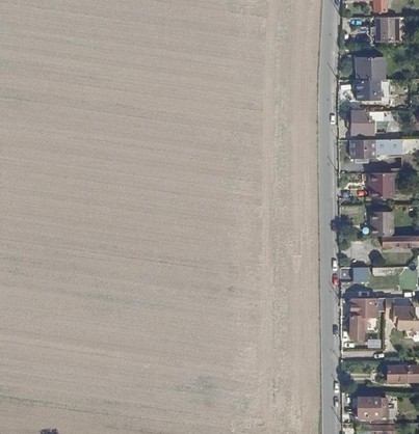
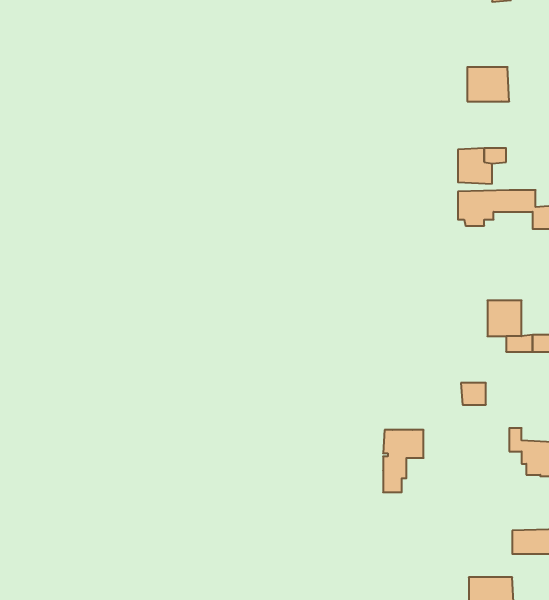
building: [376,18,399,43] -> none
building: [357,80,379,101] -> none
building: [370,173,394,198] -> none
building: [350,298,377,340] -> [383,430,424,492]

